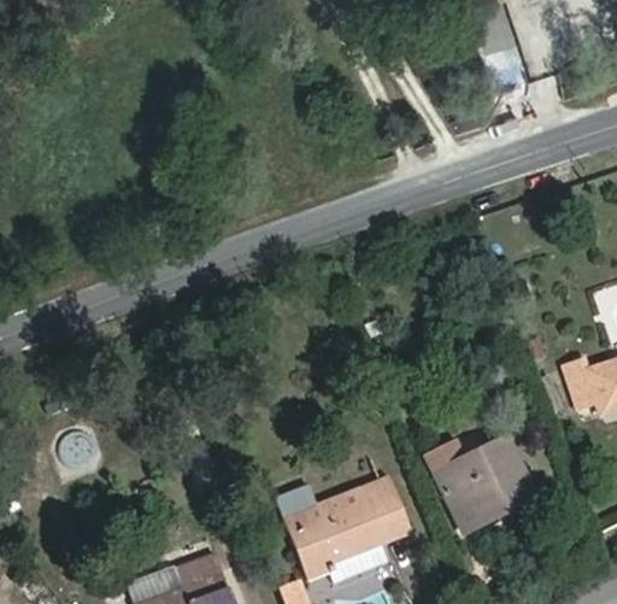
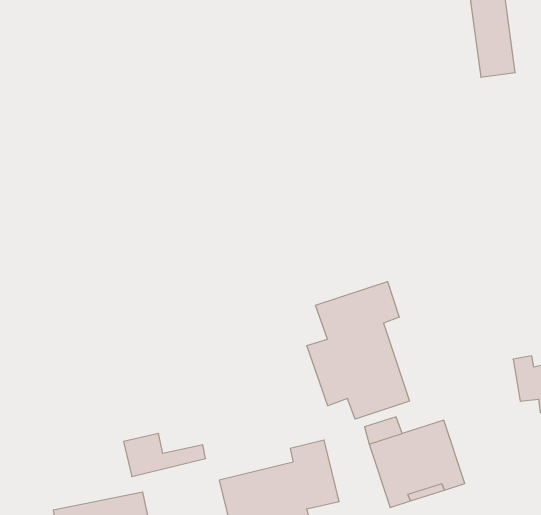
building: none -> [307,282,409,419]
building: [276,483,360,530] -> [124,433,206,477]

